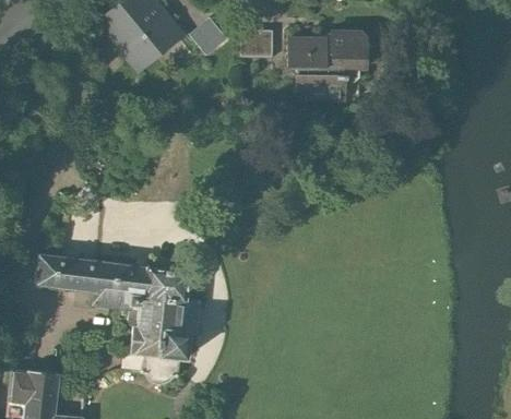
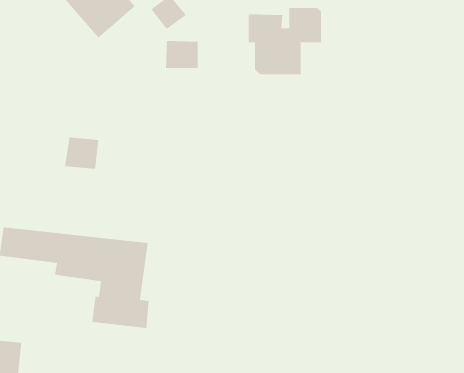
building: [239,29,273,58] -> [165,41,198,68]
building: none -> [65,136,99,169]

